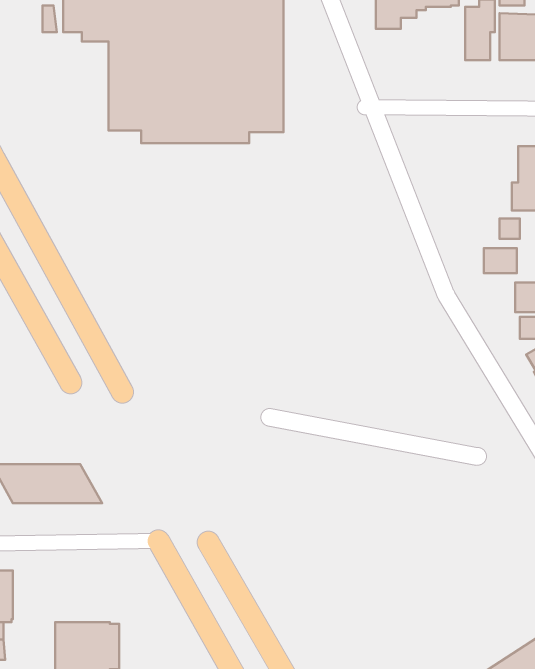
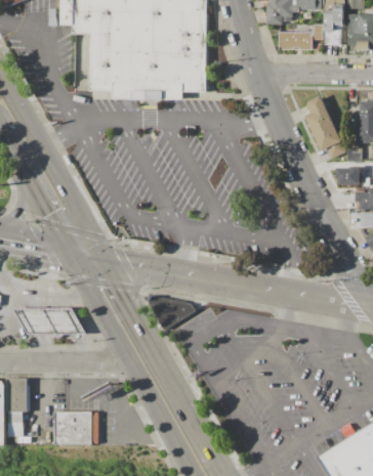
building: none -> [279,24,323,49]
building: none -> [305,95,345,158]
building: none -> [143,295,195,329]

